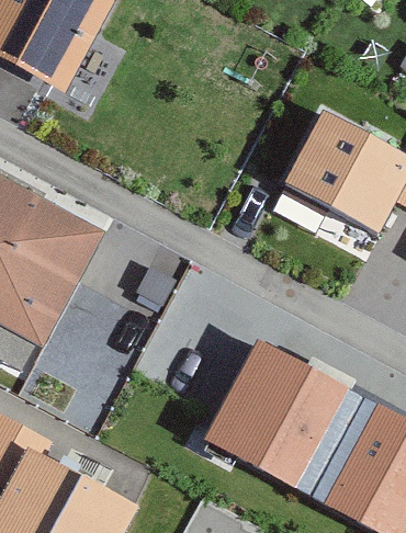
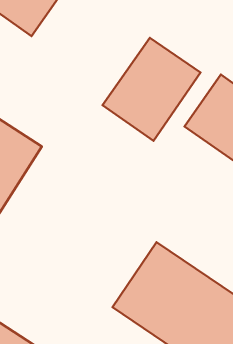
building: none -> [103,38,200,141]

